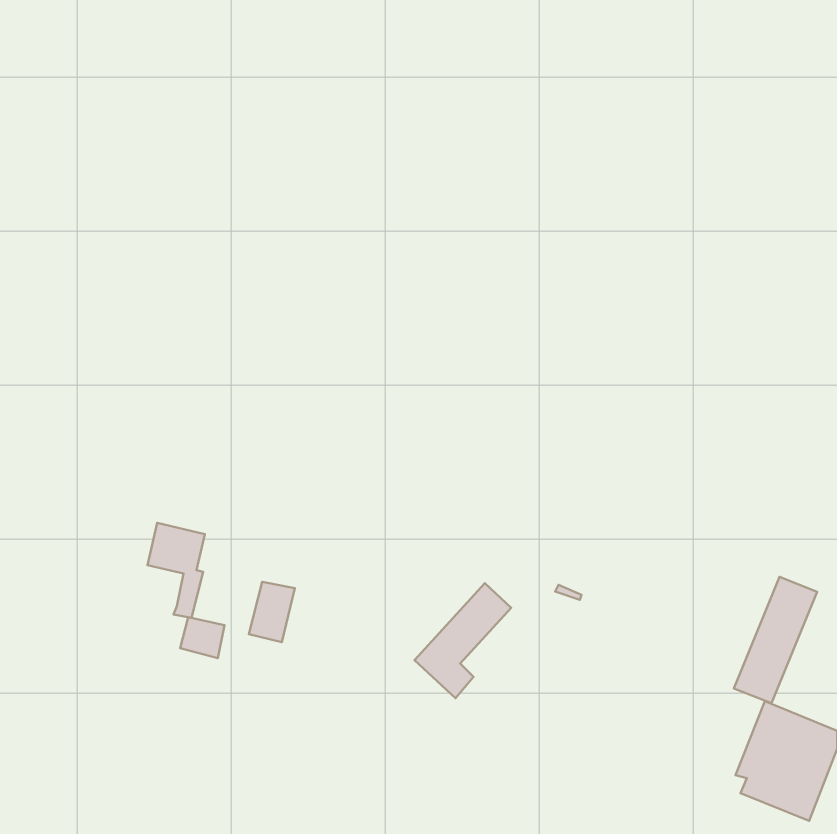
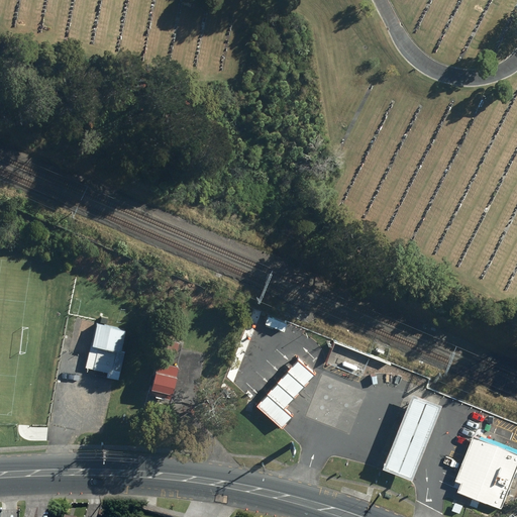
building: [734,577,817,703] -> [386,395,437,473]
building: [180,617,224,658] -> [86,350,113,376]

